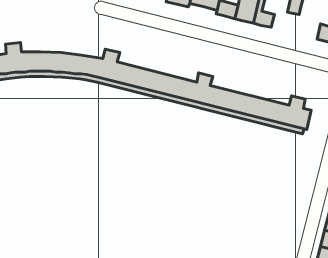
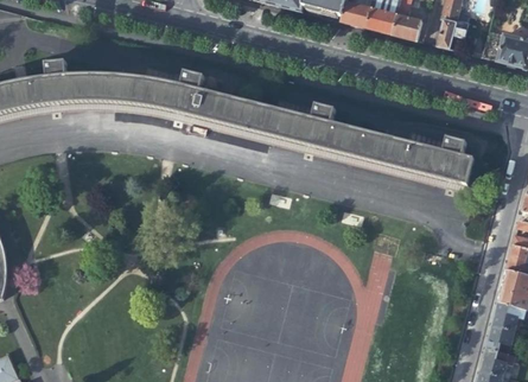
building: none -> [435,11,469,51]

